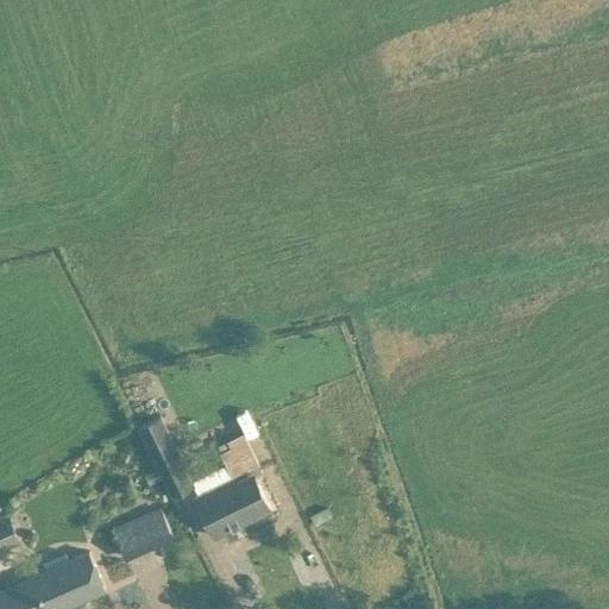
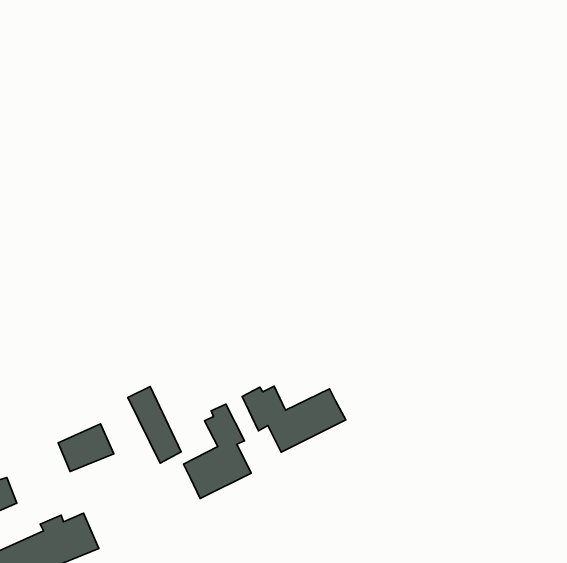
building: none -> [242,386,346,452]
building: [112,510,171,561] -> [58,424,114,472]

